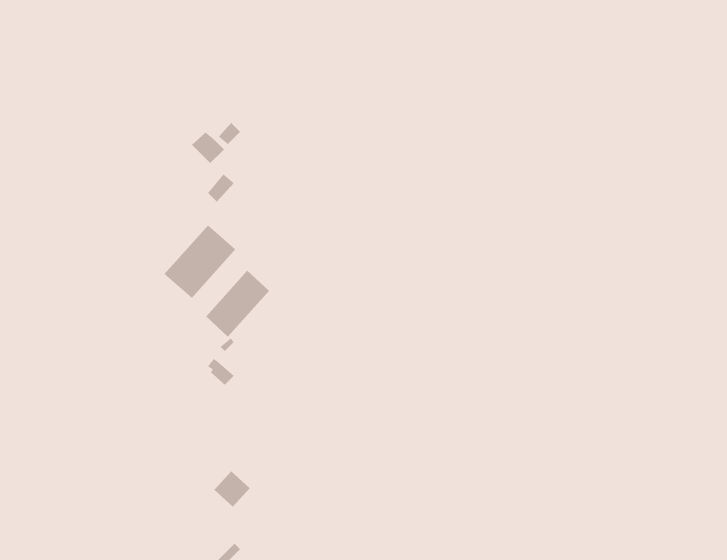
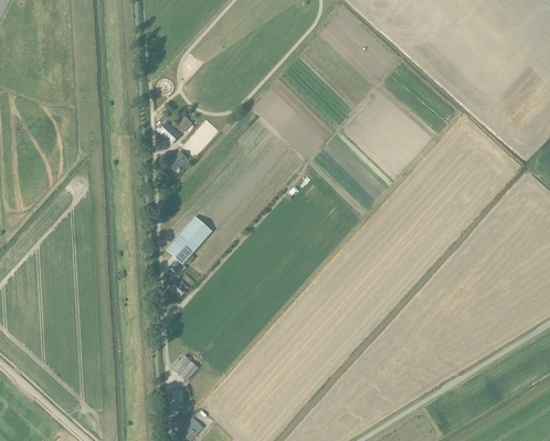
building: [164,225,236,299] -> none

